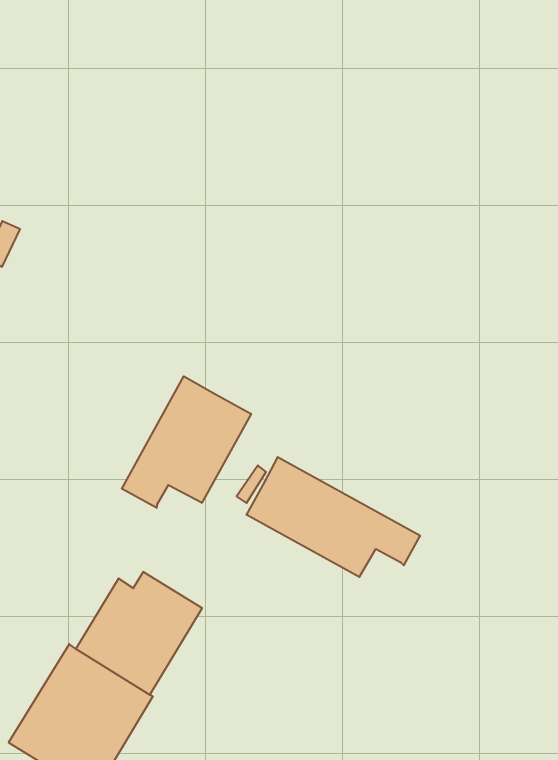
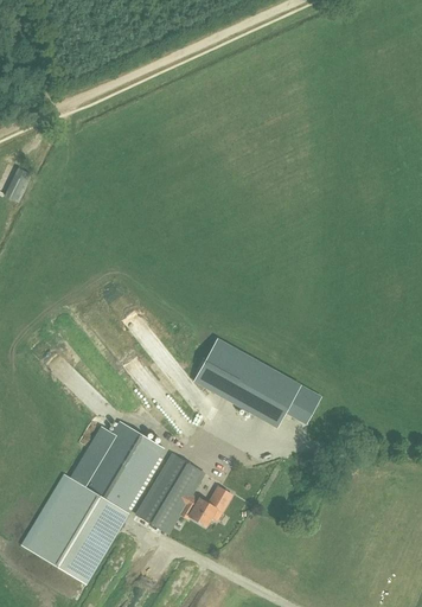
building: [122,376,251,508] -> none
building: none -> [136,453,232,531]

